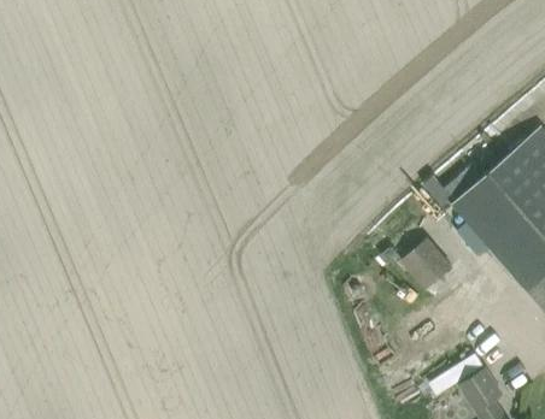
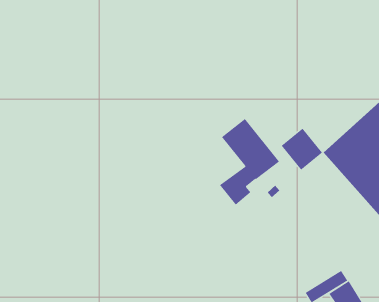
building: none -> [219,118,280,206]
building: [400,237,453,291] -> [281,128,323,171]

